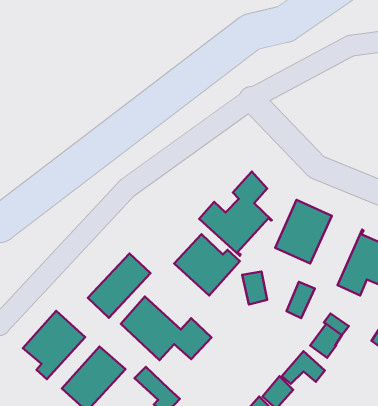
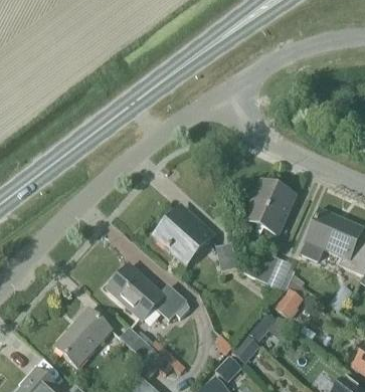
building: [199,172,272,256] -> none
building: [88,253,151,318] -> none
building: [23,311,85,379] -> none

